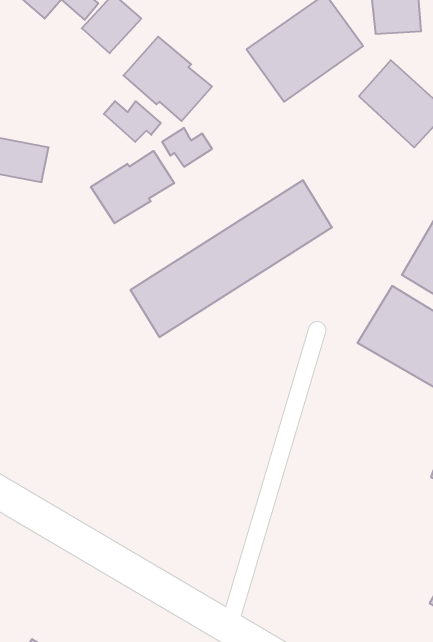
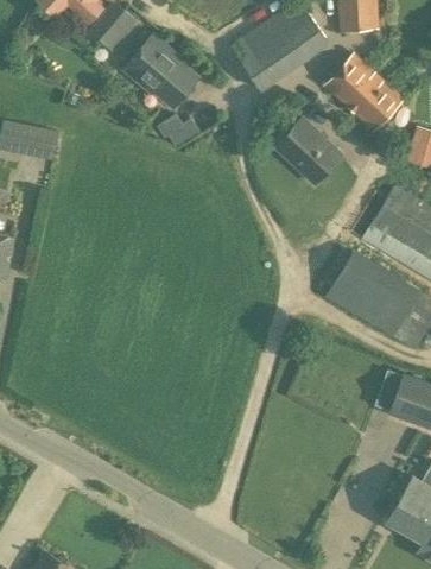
building: [104,101,161,142] -> none
building: none -> [275,118,341,183]
building: [91,151,174,223] -> none
building: [131,180,332,337] -> none

